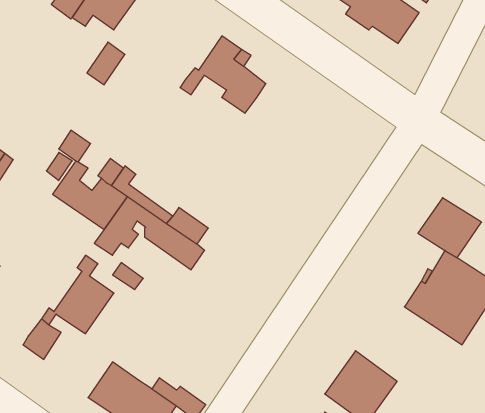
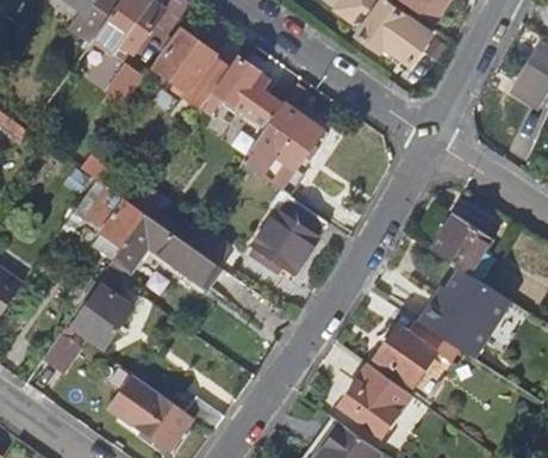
building: none -> [154,30,230,100]
building: none -> [241,104,322,194]
building: none -> [249,198,330,280]
building: none -> [374,321,443,385]

